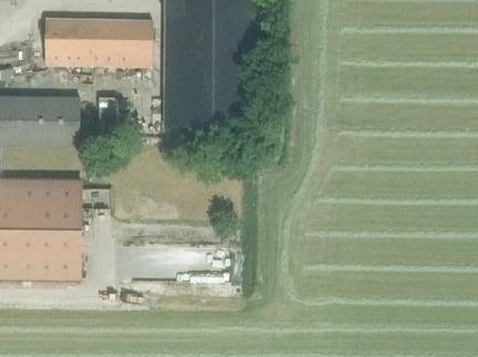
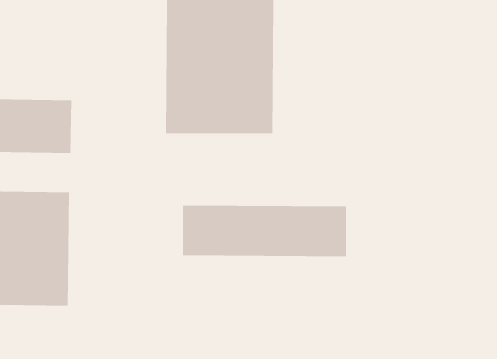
building: [43,18,152,66] -> none
building: none -> [182,205,346,257]

